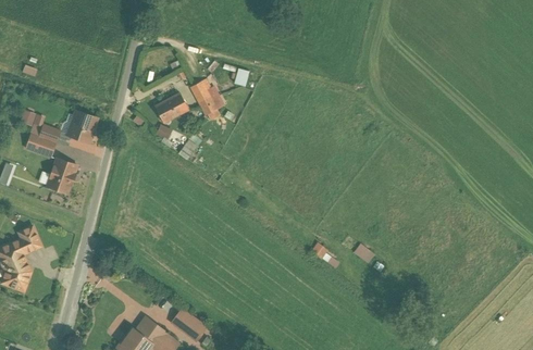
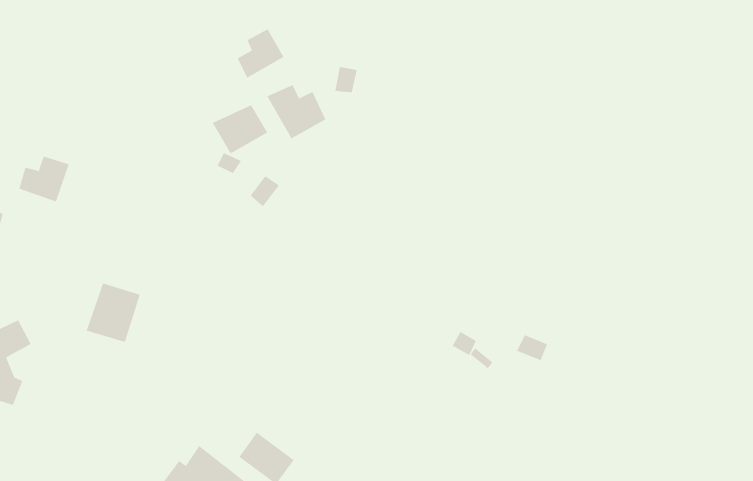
building: none -> [237,29,284,78]
building: [63,110,99,145] -> none
building: [44,157,79,196] -> [86,283,140,342]

